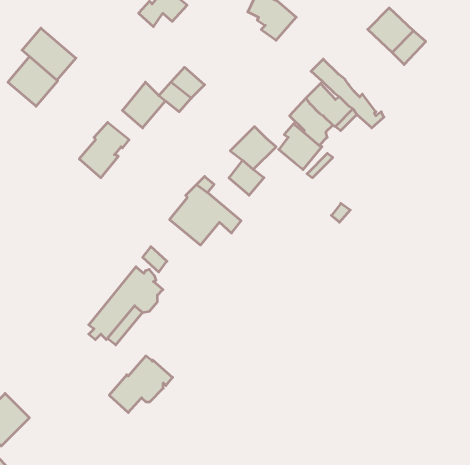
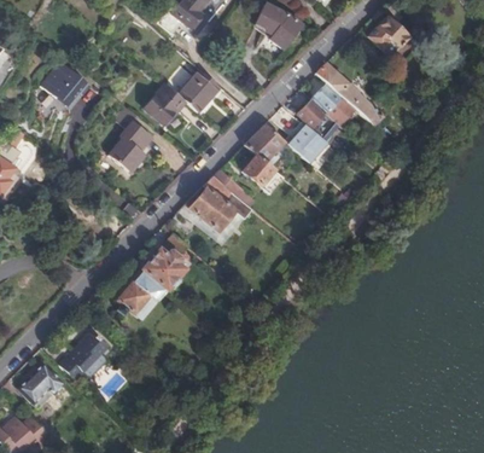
building: [22,28,76,80] -> none
building: [109,356,173,413] -> [58,330,115,381]

